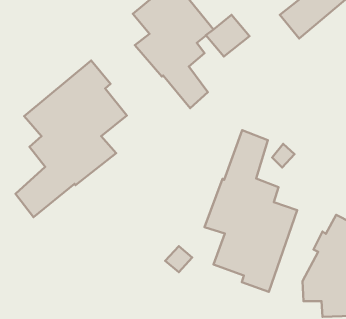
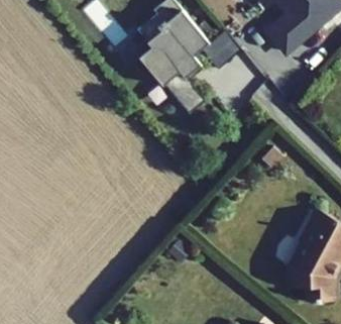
building: [15,60,127,217] -> none
building: [204,130,297,292] -> none

